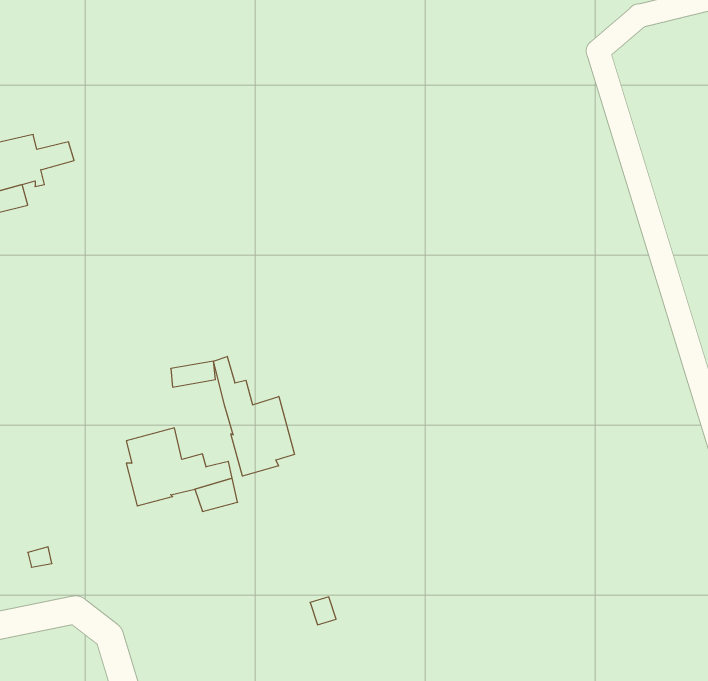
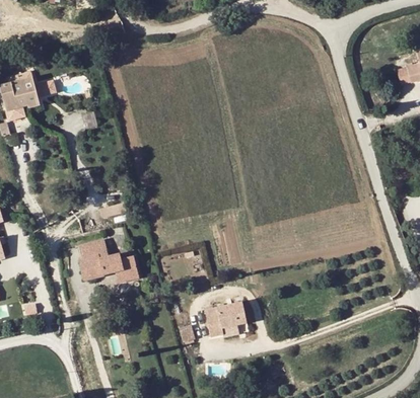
building: [214,356,294,476] -> none
building: none -> [204,303,248,339]

